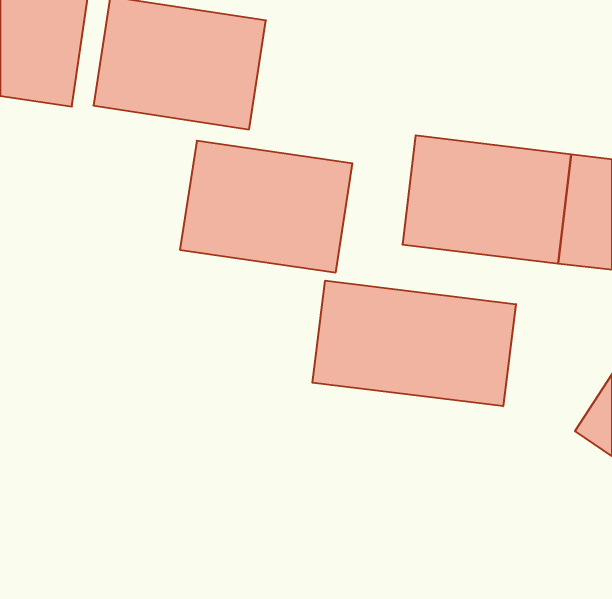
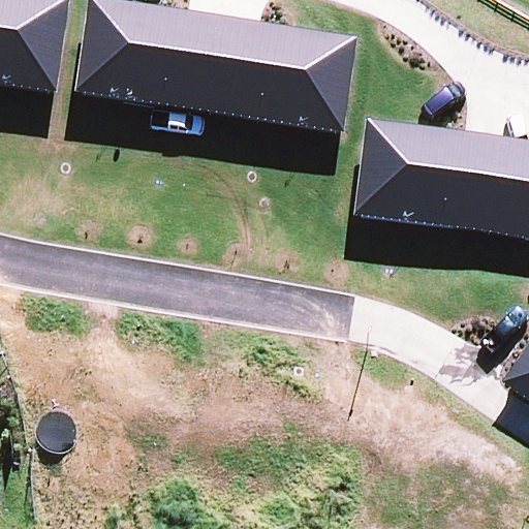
building: [180,141,352,272] -> [215,18,364,131]
building: [312,281,516,406] -> none

